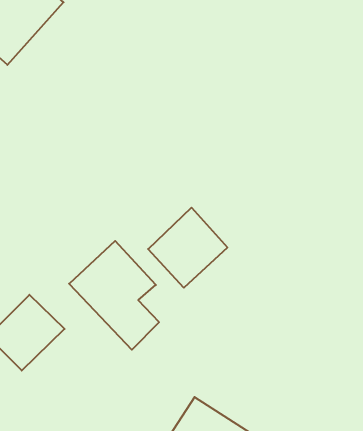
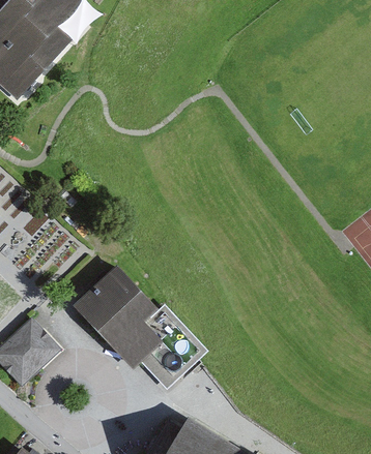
building: [148,208,227,288] -> none

